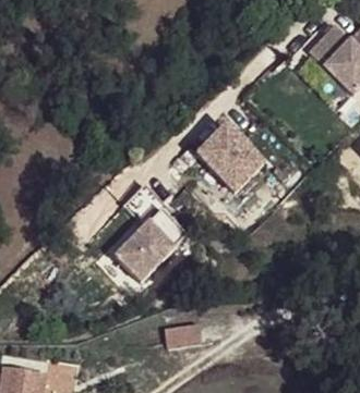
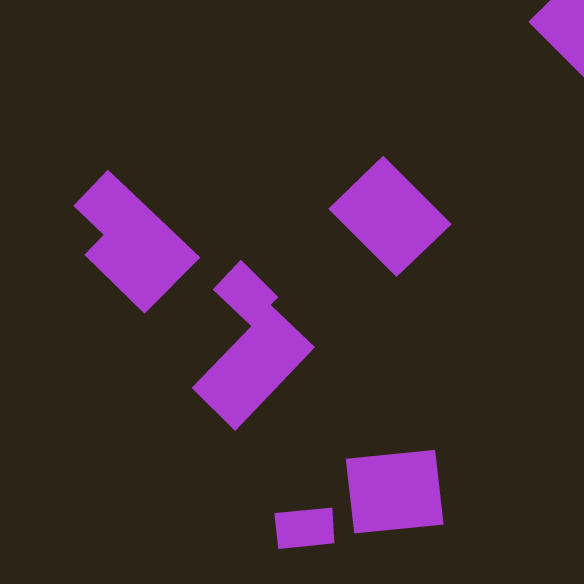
building: none -> [72,169,201,315]
building: none -> [345,449,444,534]

